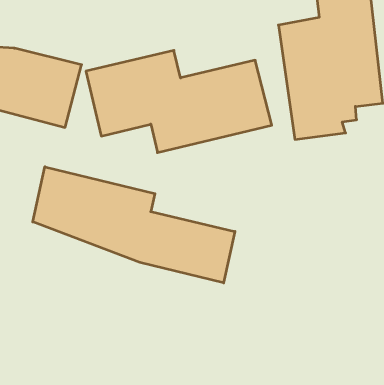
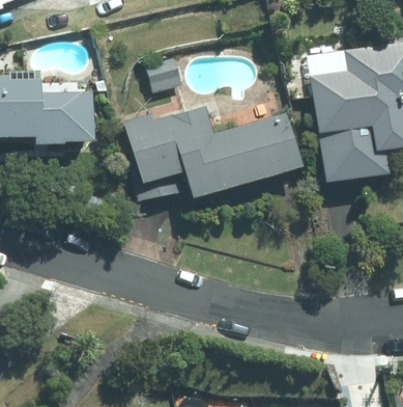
building: [33,167,235,283] -> none

